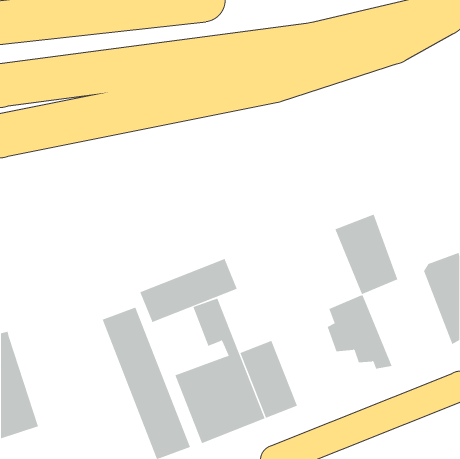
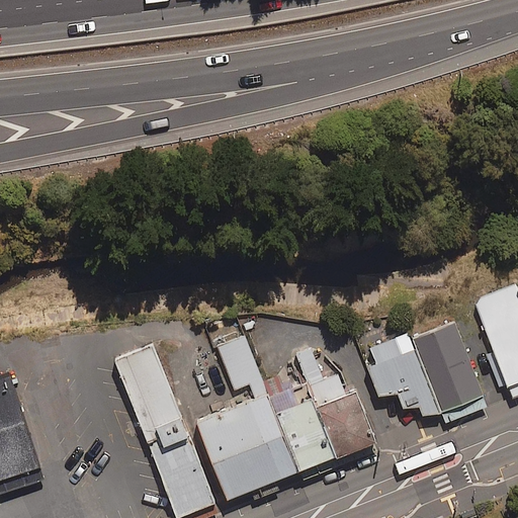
building: [334,214,398,295] -> [411,322,483,413]
building: [140,258,237,323] -> none
building: none -> [294,348,376,457]

